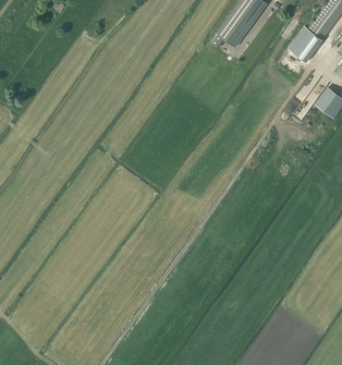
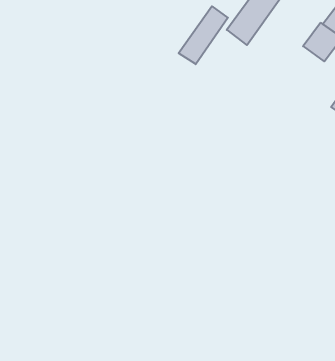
building: none -> [179,6,228,64]

